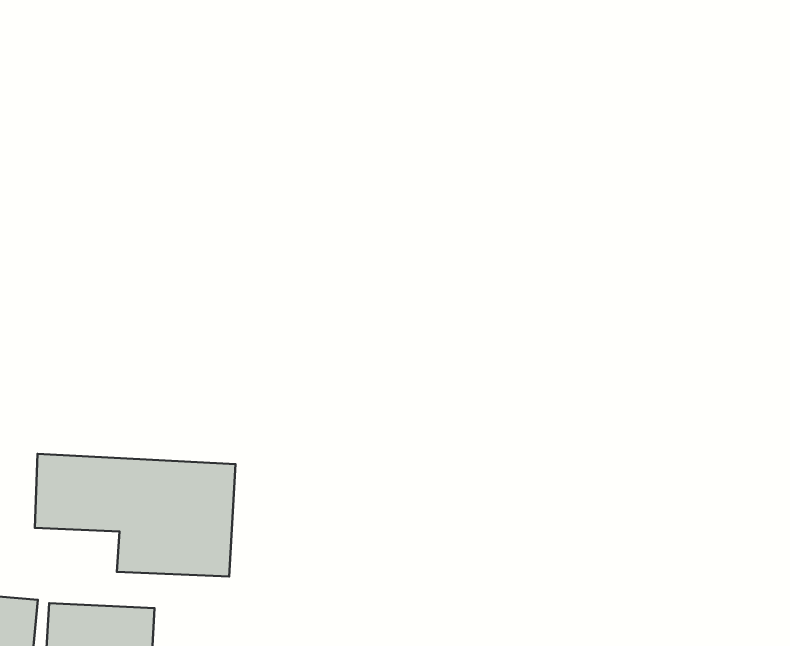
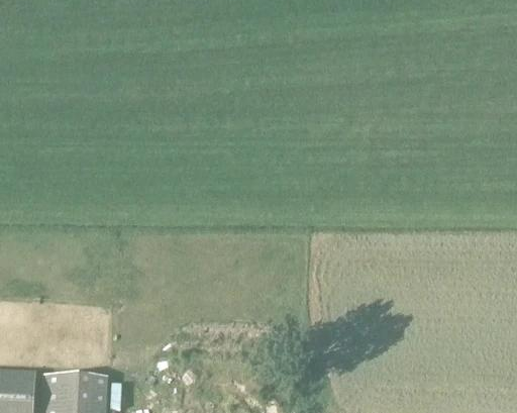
building: [35,454,236,577] -> none

